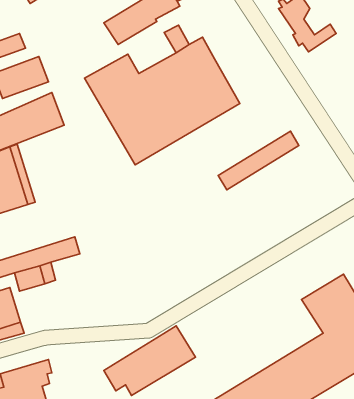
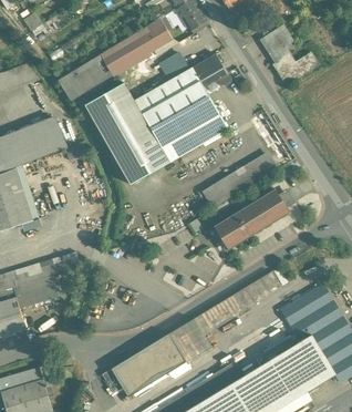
building: none -> [59,53,115,100]
building: none -> [193,53,230,86]
building: none -> [214,188,289,249]
building: none -> [168,270,281,361]

